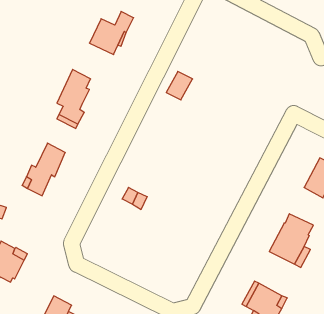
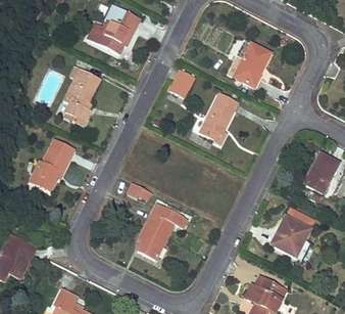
building: none -> [234,44,269,88]
building: none -> [199,93,238,144]
building: none -> [138,204,188,260]

